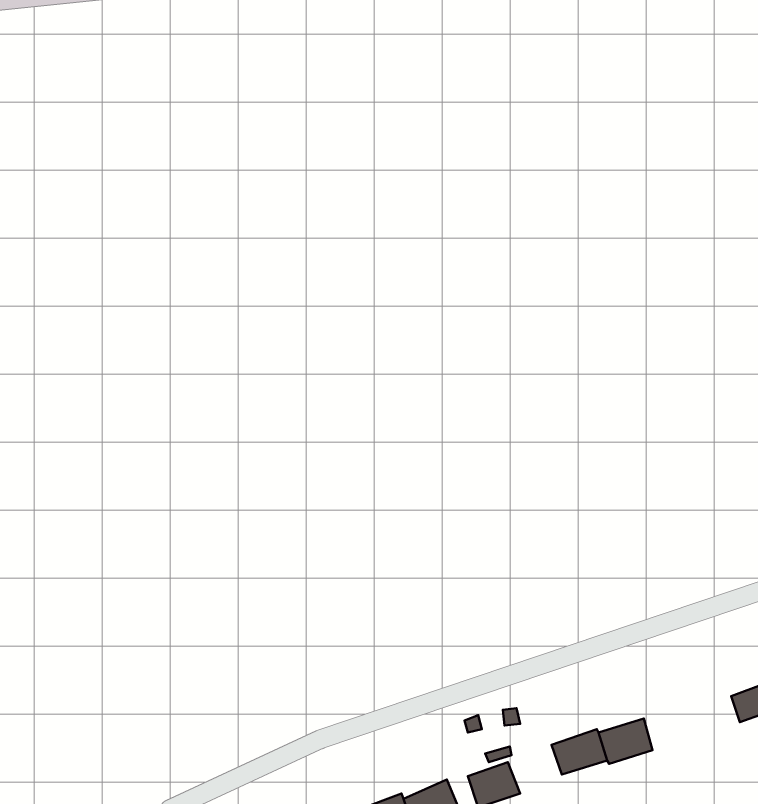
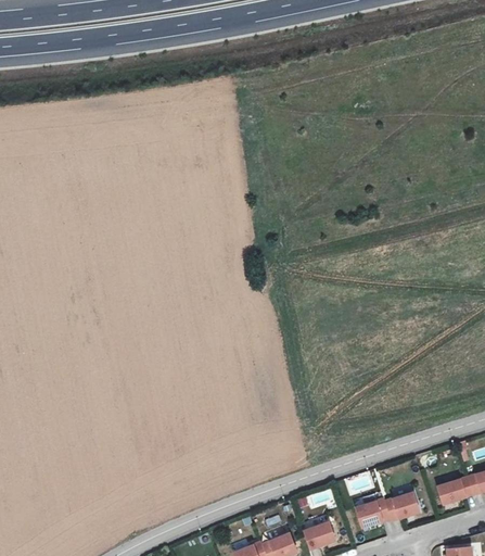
building: none -> [436,479,472,505]

